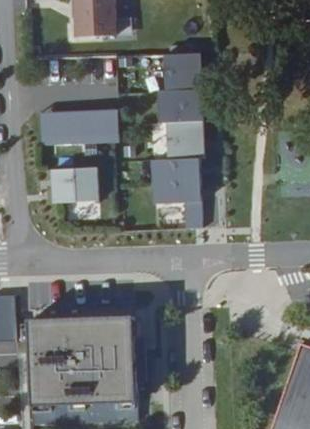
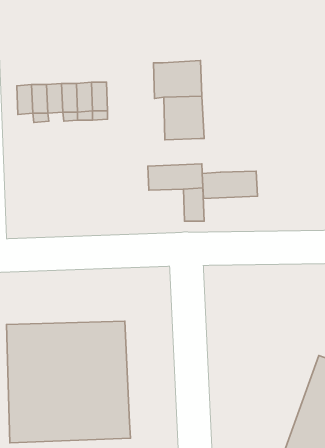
building: [163,53,198,92] -> none
building: [151,158,199,182] -> [202,171,257,199]
building: [52,168,98,202] -> none

